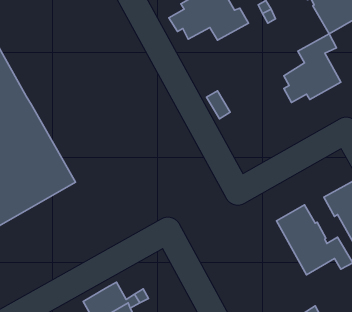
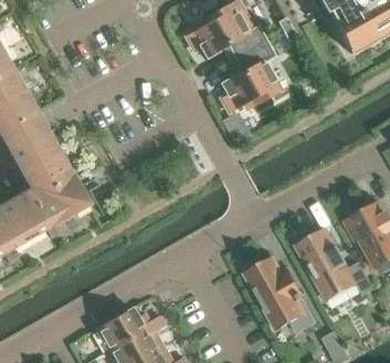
building: [284,34,341,103] -> [221,41,280,112]
building: none -> [244,257,305,330]

